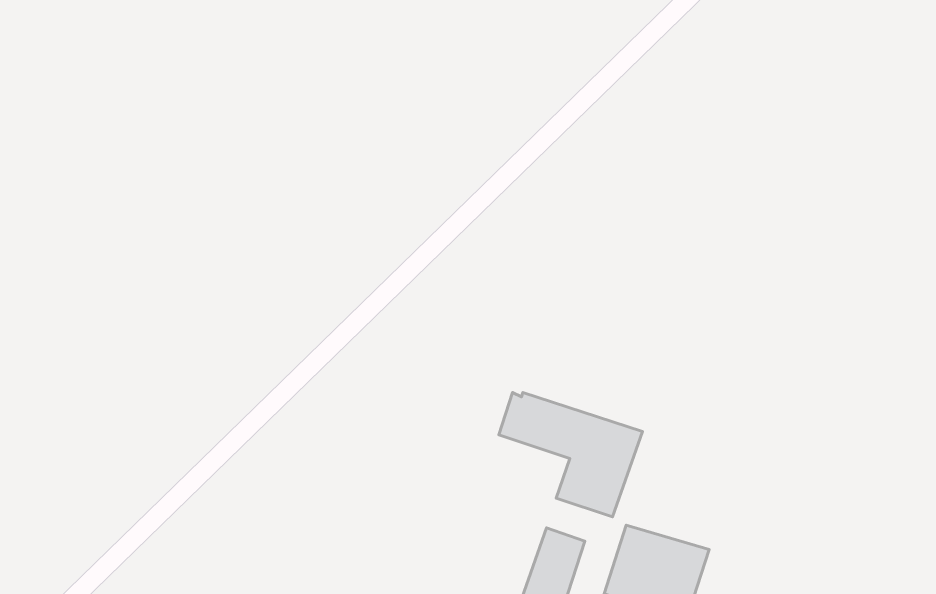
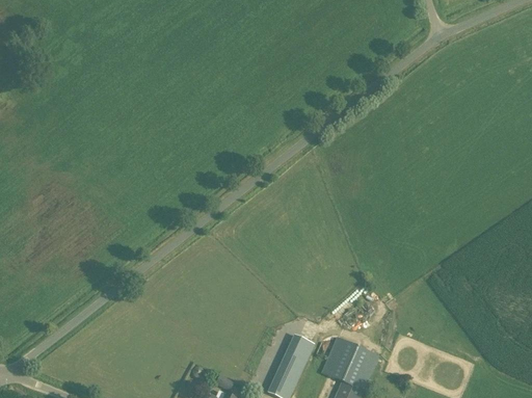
building: [499,392,642,517] -> none

